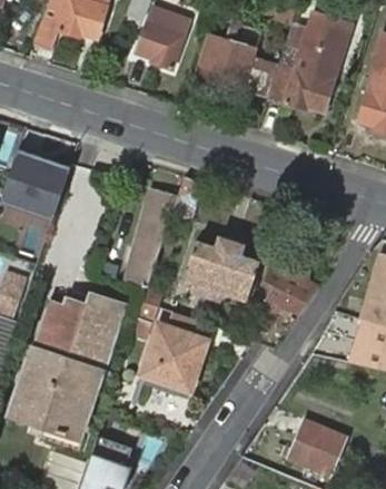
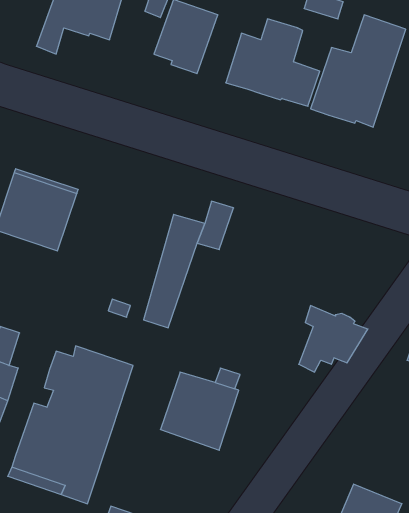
building: [184,236,259,300] -> none

